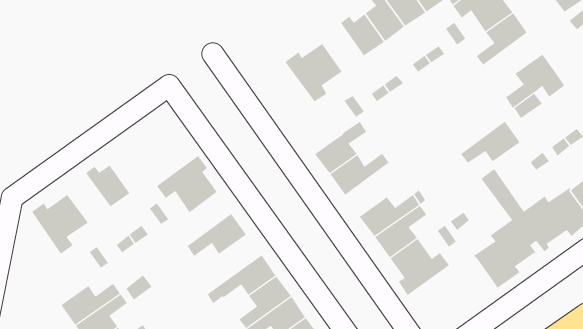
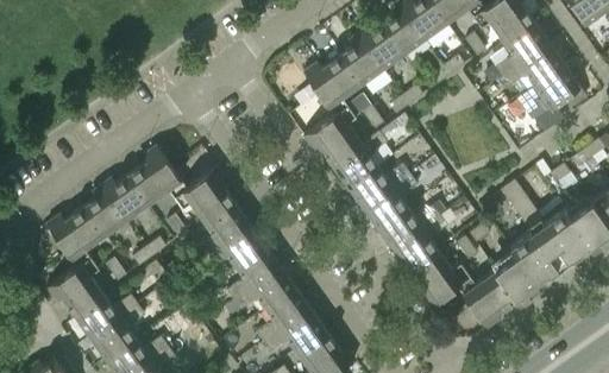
building: none -> [341,36,383,84]
building: none -> [303,107,362,167]
building: [460,121,520,163] -> [503,45,564,88]
building: none -> [127,148,187,207]
building: none -> [364,176,416,230]
building: none -> [84,186,127,236]
building: none -> [197,206,250,260]
building: none -> [227,248,281,302]
building: none -> [46,259,106,320]
building: none -> [457,272,516,330]

